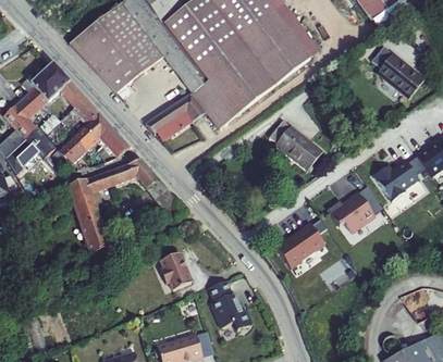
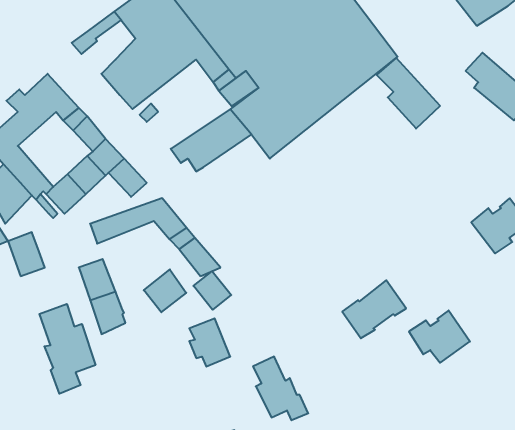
building: [77,21,119,62] -> none
building: [278,114,327,168] -> [376,58,440,129]
building: [65,177,94,211] -> [8,232,45,276]
building: [329,190,376,230] -> [409,310,470,363]
building: none -> [144,269,186,312]
building: none -> [193,271,231,310]
building: none -> [39,304,95,394]

